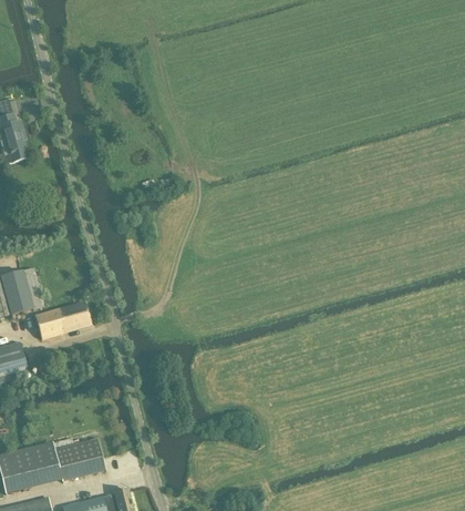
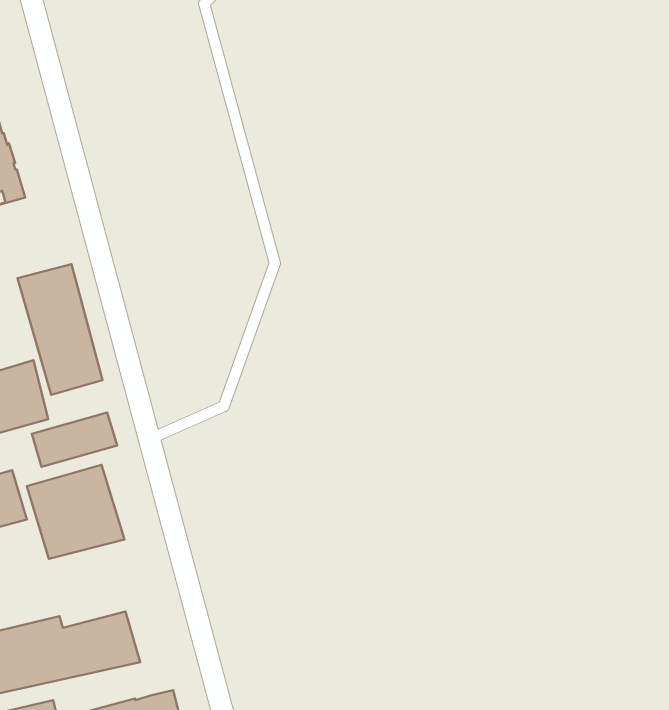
building: none -> [18,264,103,395]
building: none -> [27,465,124,559]

